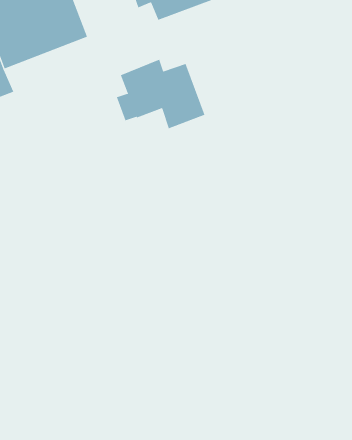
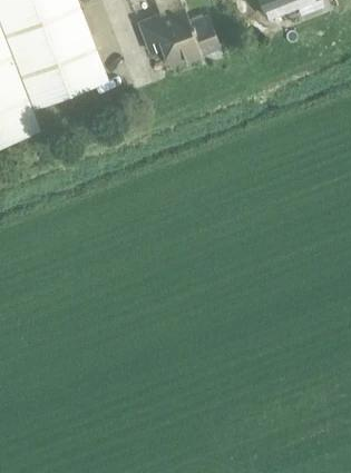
building: [116,59,205,129] -> none

